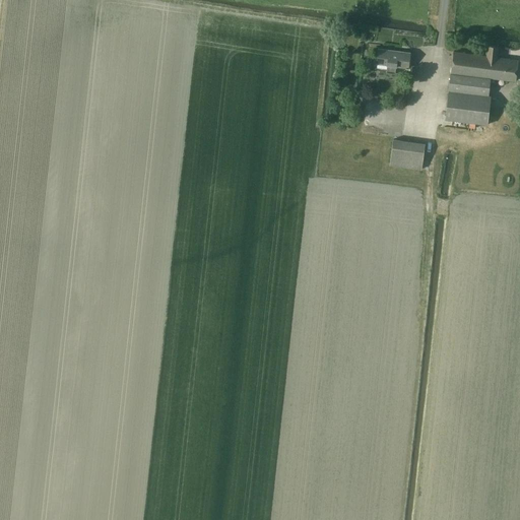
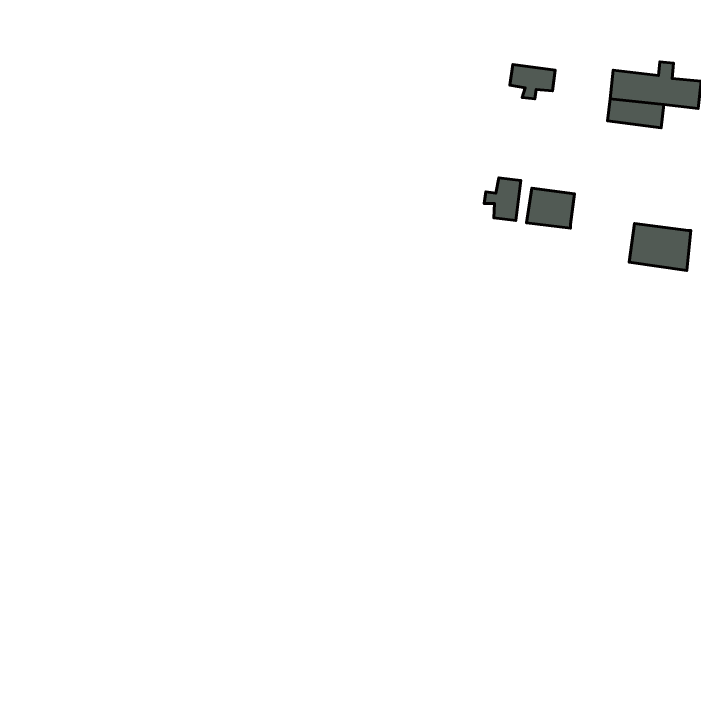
building: [445,90,491,125] -> [629,224,691,270]
building: none -> [484,178,521,220]

